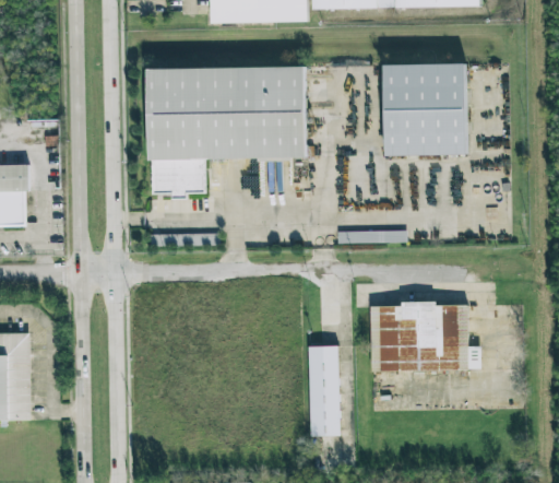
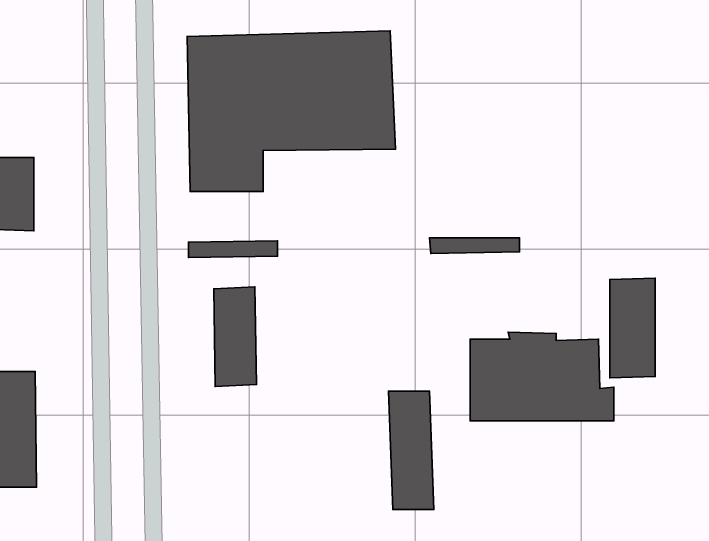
building: [382,61,465,153] -> none
building: none -> [610,278,655,378]
building: none -> [214,287,257,386]

